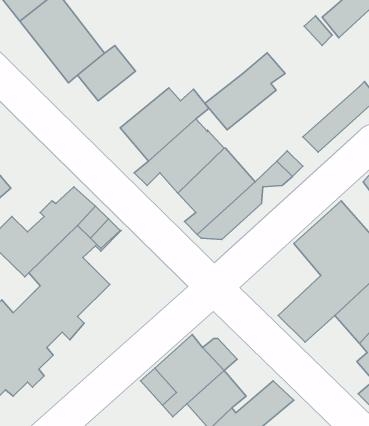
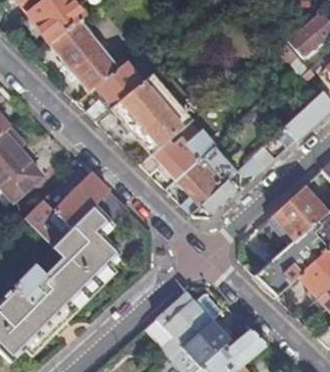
building: [205,53,285,130] -> [112,65,175,126]

